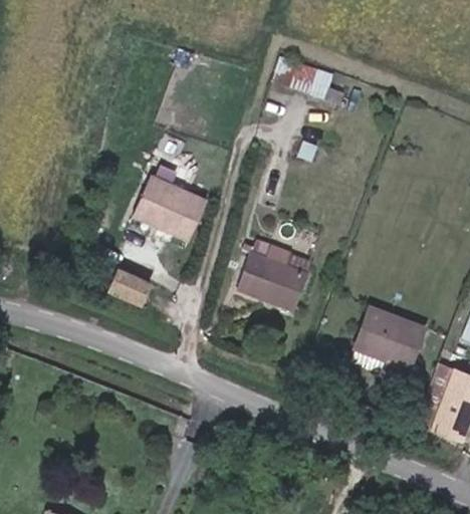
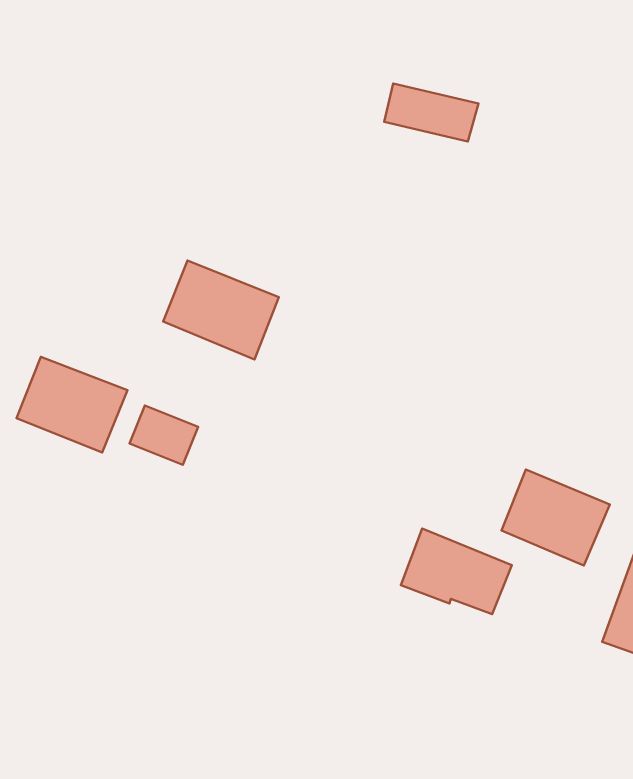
building: none -> [16,357,128,452]
building: [237,248,310,304] -> [401,529,512,614]

